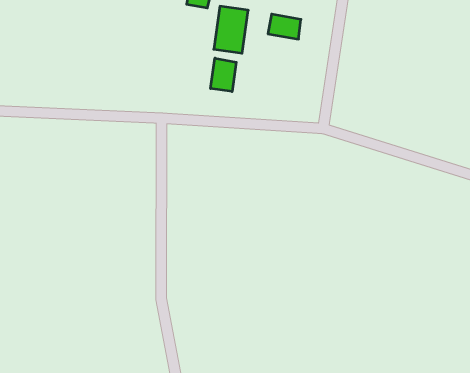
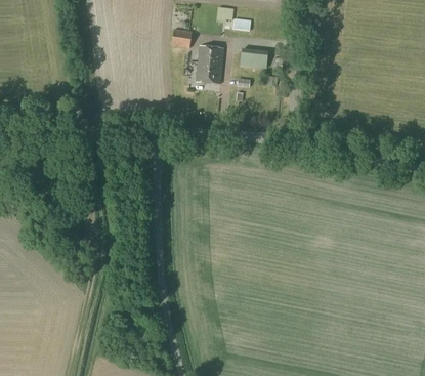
building: [211,58,236,92] -> none

